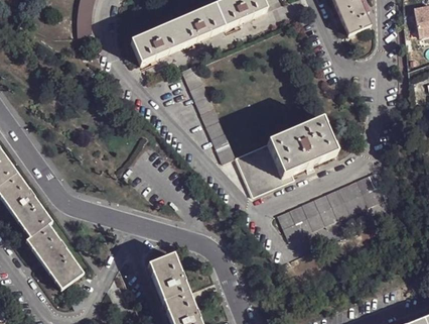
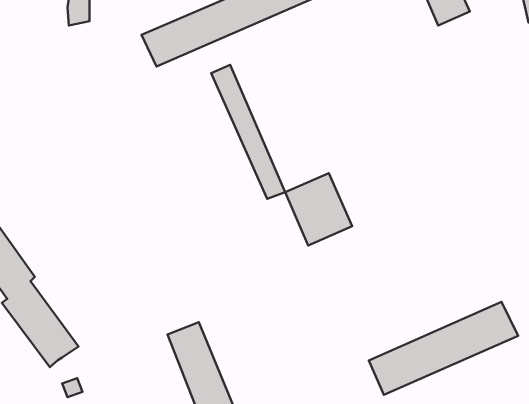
building: [268,119,337,183] -> none
building: [279,171,389,239] -> [369,302,518,395]

